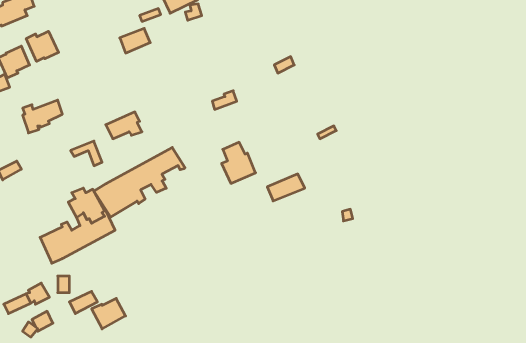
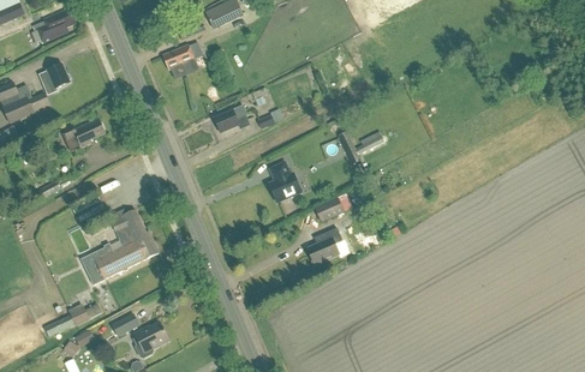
building: [26,31,59,61] -> none
building: [106,112,142,139] -> [213,104,250,132]
building: [94,147,185,217] -> none
building: none -> [306,227,341,264]

